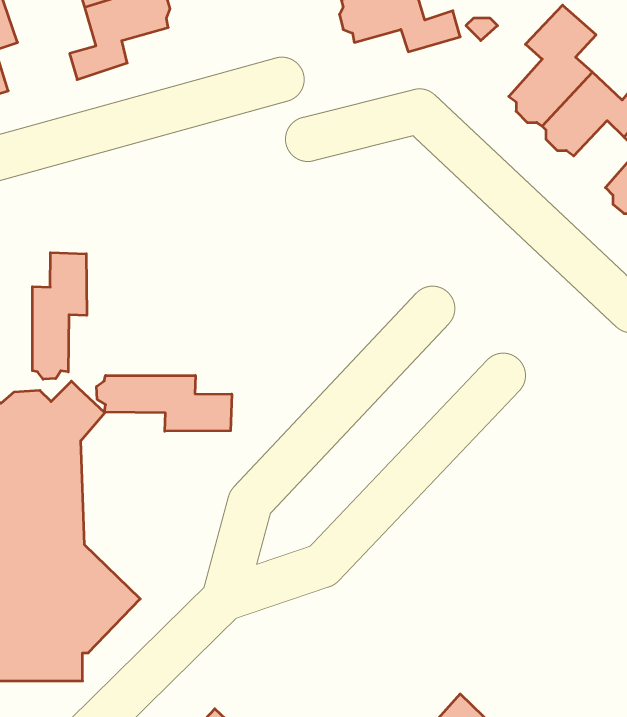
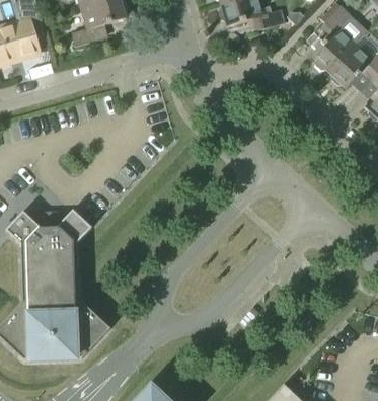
building: [32,253,87,379] -> none
building: [97,375,232,431] -> none

